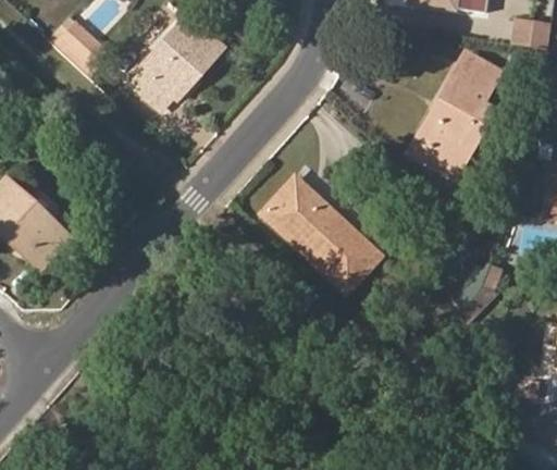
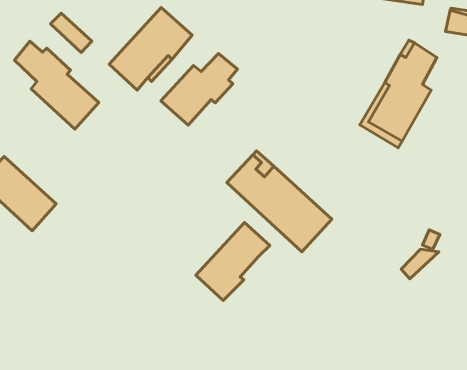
building: none -> [15,41,99,129]
building: none -> [161,54,238,125]
building: none -> [196,223,270,300]

